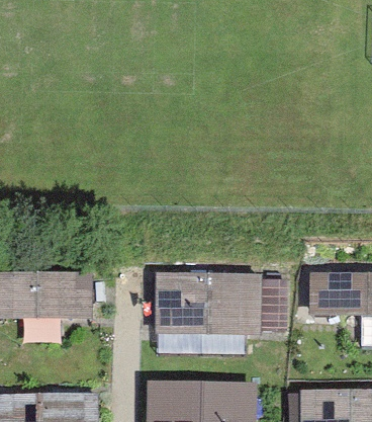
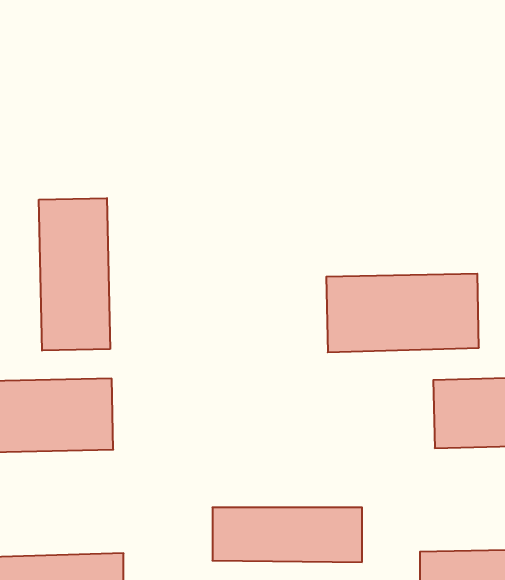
building: none -> [39,198,110,351]
building: [157,280,261,334] -> [326,274,479,352]

